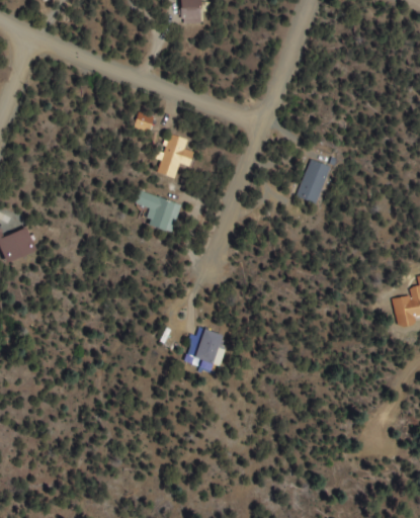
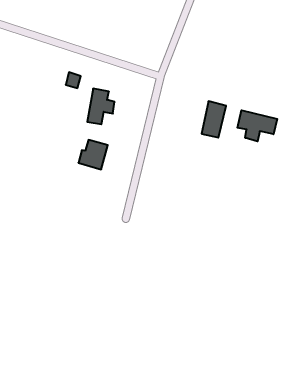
building: none -> [237,110,277,141]
building: [188,328,224,366] -> none

